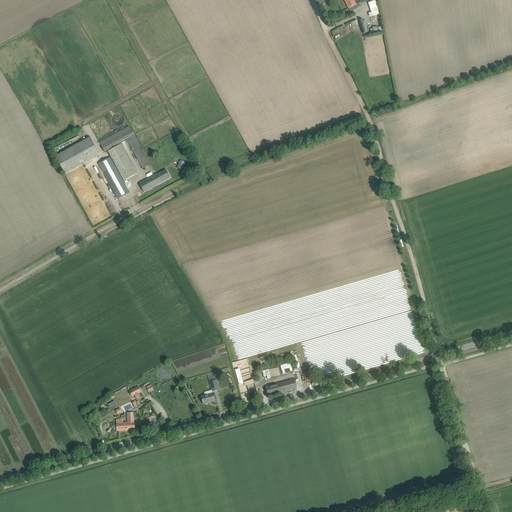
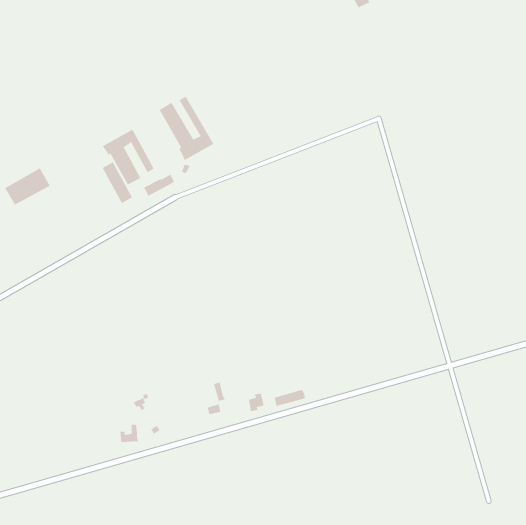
building: none -> [159,96,214,161]
building: [55,136,100,173] -> [4,167,51,206]

